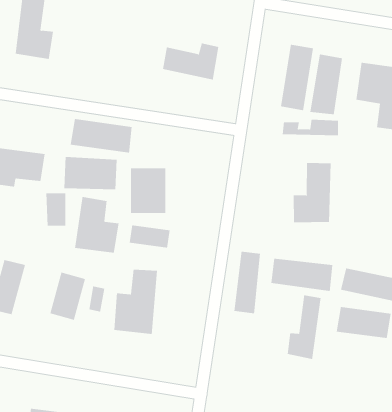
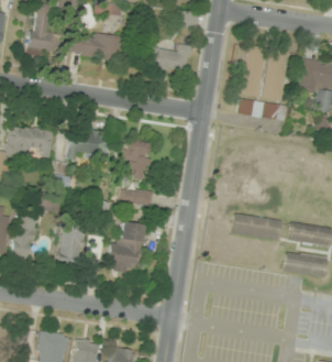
building: [70,118,132,153] -> [73,32,122,59]
building: [293,162,331,223] -> none
building: [75,196,119,254] -> none
building: [234,251,261,314] -> none
building: [287,294,321,360] -> none

